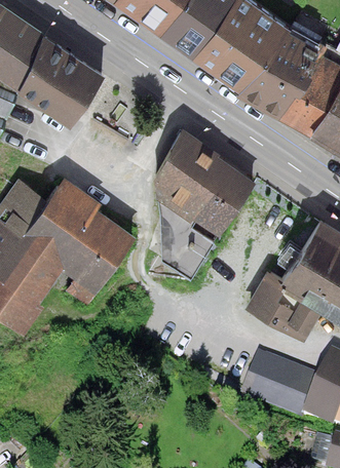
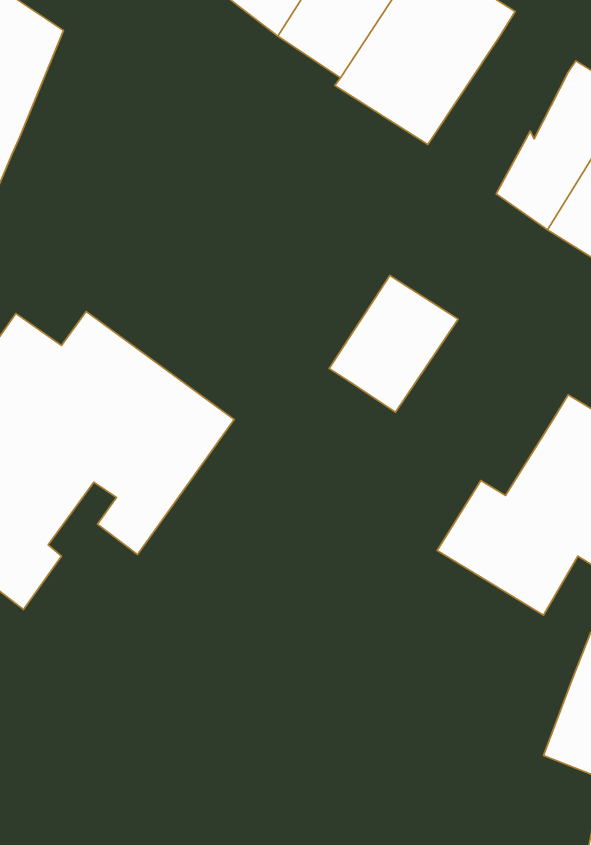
building: [20,26,106,120] -> none
building: [238,29,316,116] -> none
building: [154,129,220,277] -> none
building: [240,353,318,422] -> none

